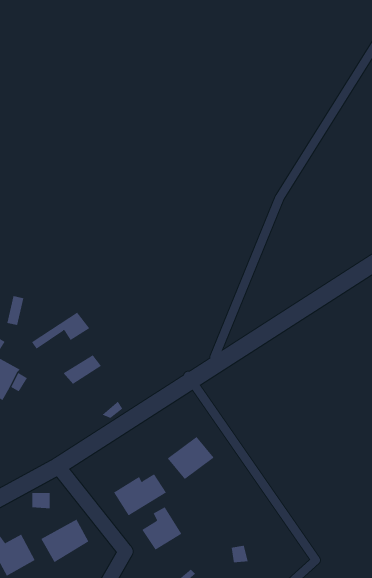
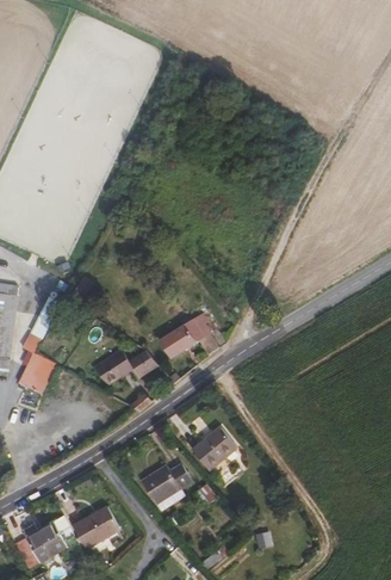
building: [31,312,90,350] -> [103,350,159,385]
building: none -> [161,315,217,358]
building: [142,506,182,551] -> none

